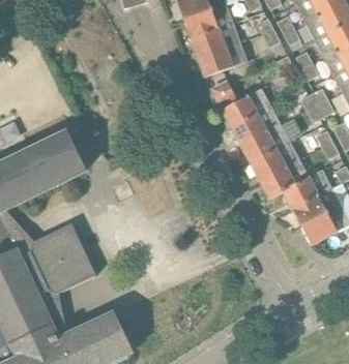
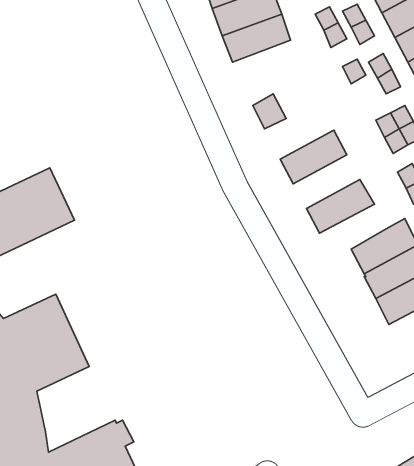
building: [199,41,248,77] -> none
building: [223,87,271,126] -> none
building: [242,123,290,161] -> none
building: [261,158,309,198] -> none

